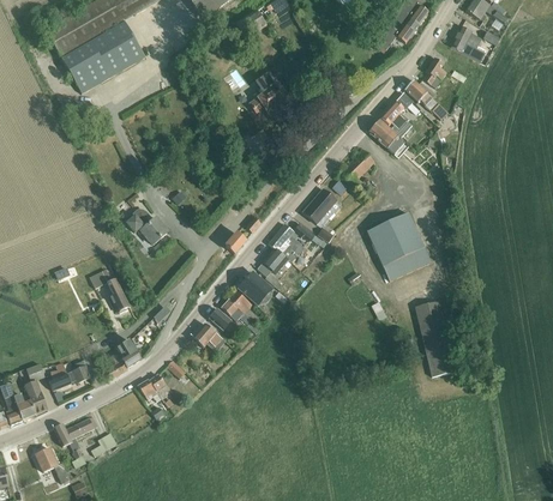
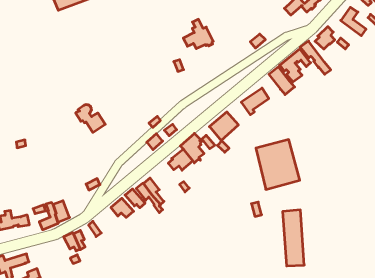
building: [90,268,130,313] -> none
building: [240,271,272,304] -> none

